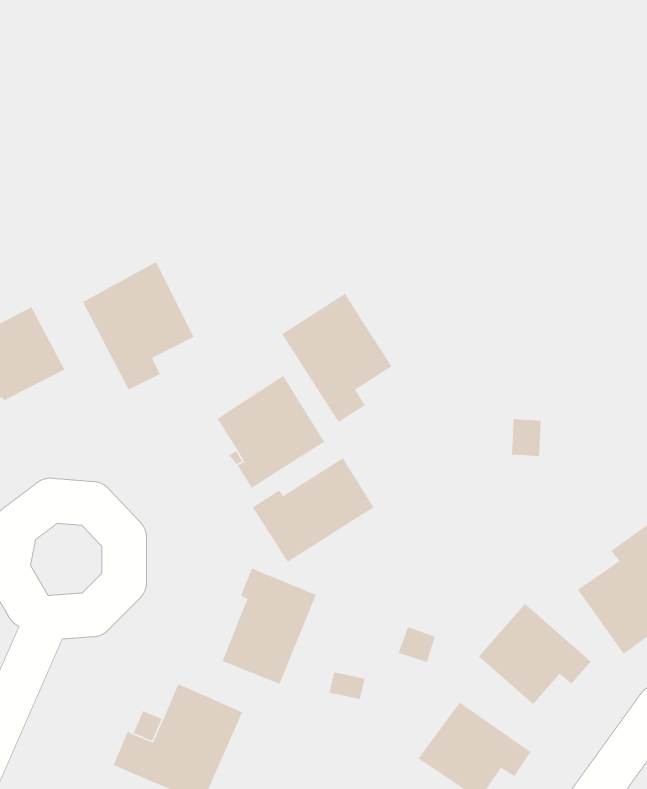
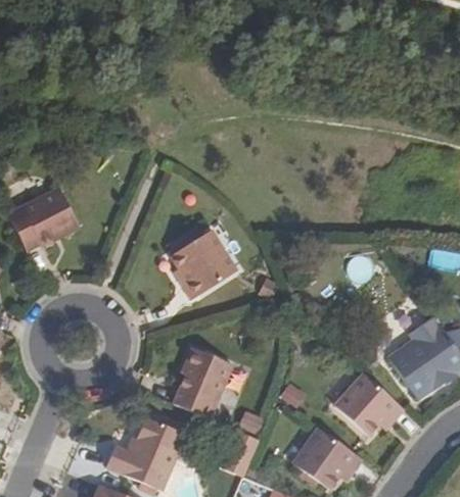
building: [82,261,195,391] -> none
building: [281,293,392,423] -> none
building: [252,457,375,563] -> none

